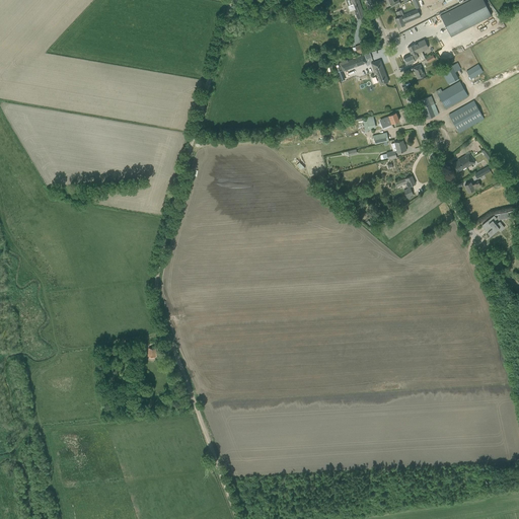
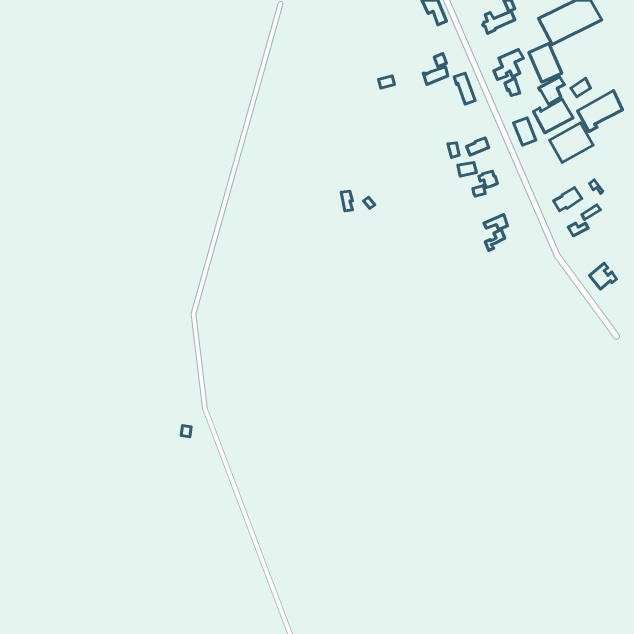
building: none -> [529,44,562,82]
building: none -> [577,91,623,131]

